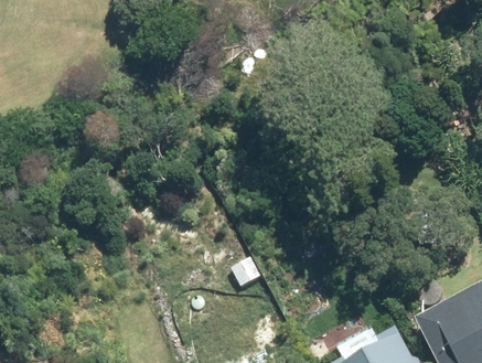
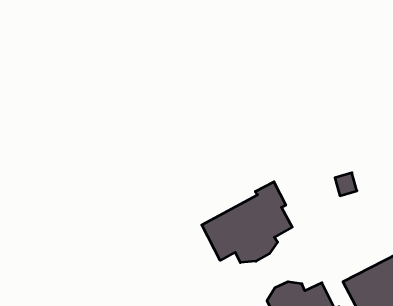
building: none -> [202,182,292,263]

